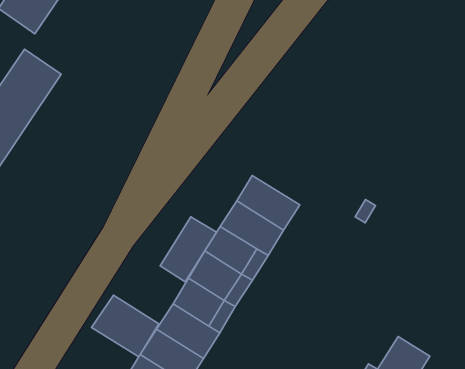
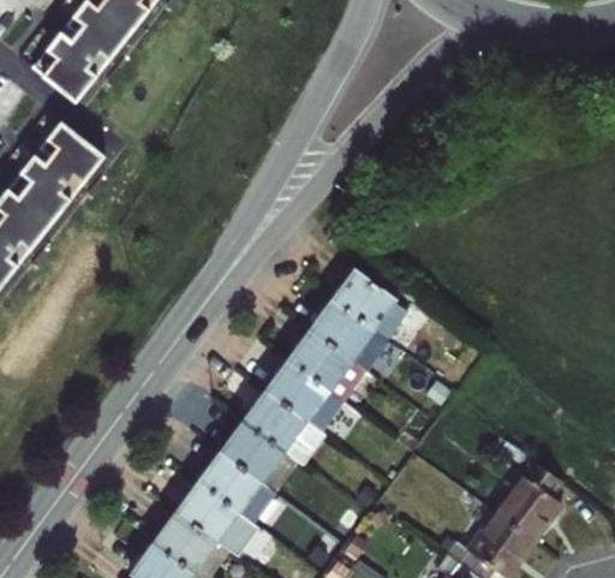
building: none -> [332,268,407,340]
building: [160,217,217,282] -> none
building: none -> [497,461,562,541]
building: [92,295,159,357] -> none

